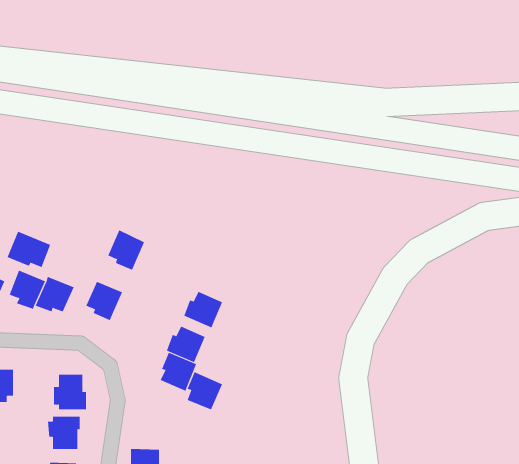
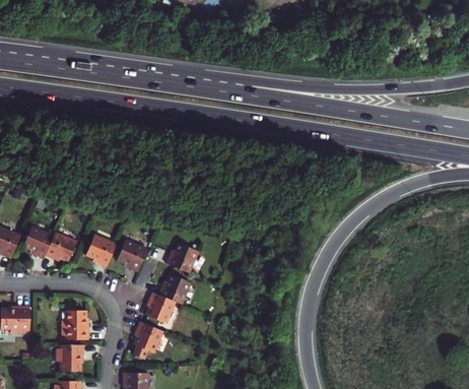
building: [108,230,145,271] -> [117,239,147,272]
building: [7,231,51,268] -> none
building: [187,372,223,410] -> [133,322,162,353]

